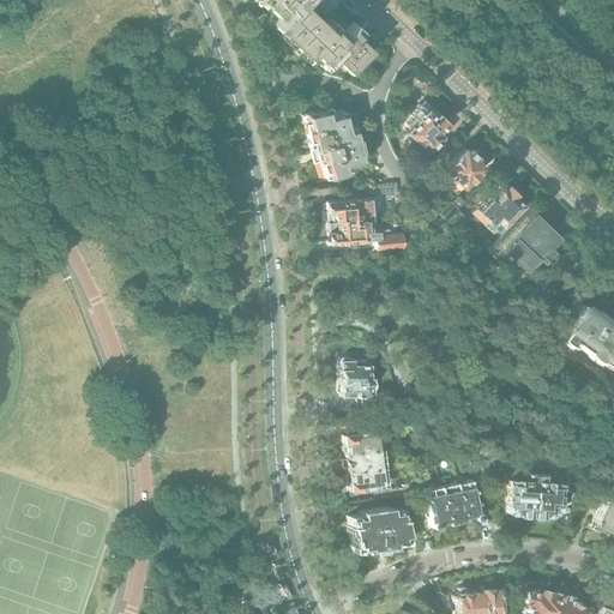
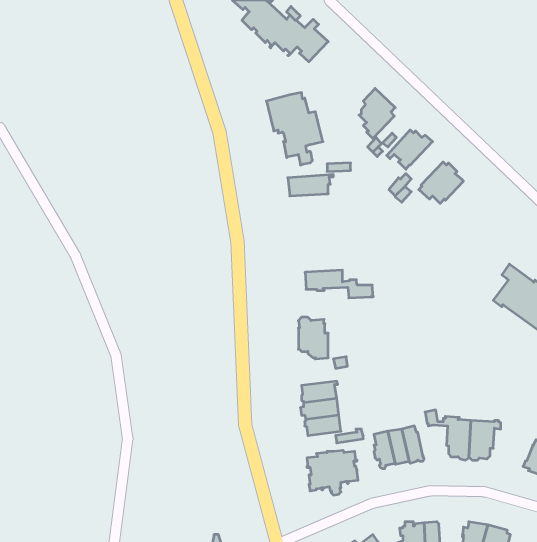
building: [495,209,571,282] -> none
building: [335,221,411,252] -> [305,270,373,298]

